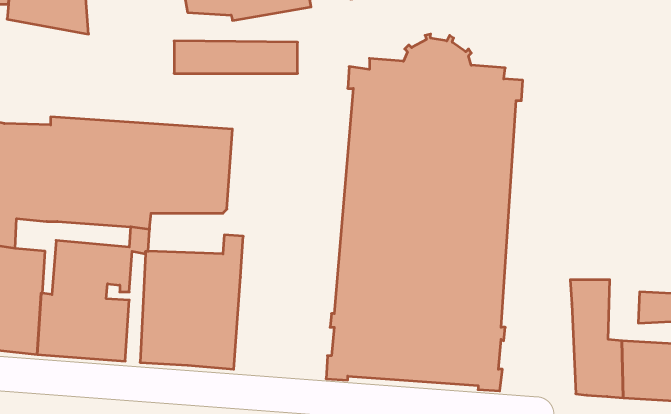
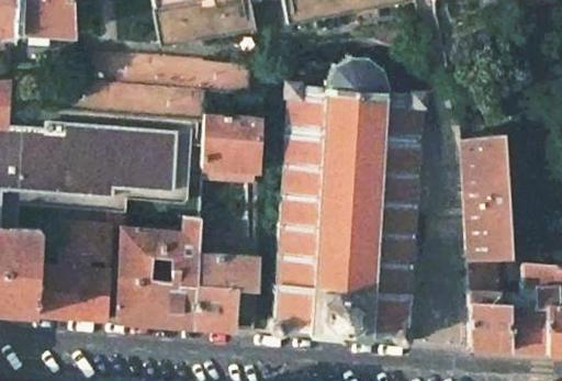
building: none -> [204,113,262,170]
building: none -> [462,134,510,254]
building: none -> [194,222,260,330]

